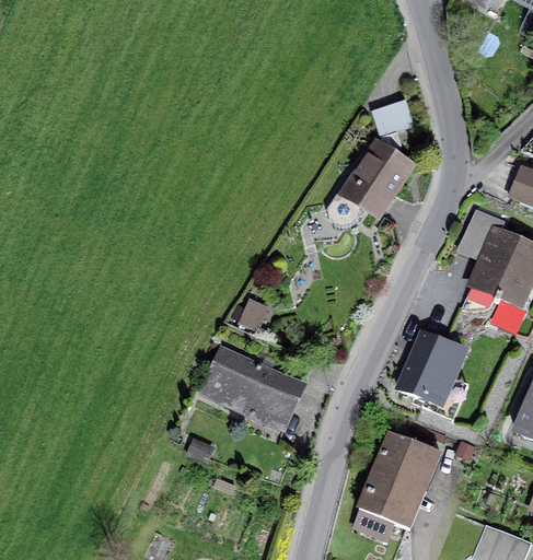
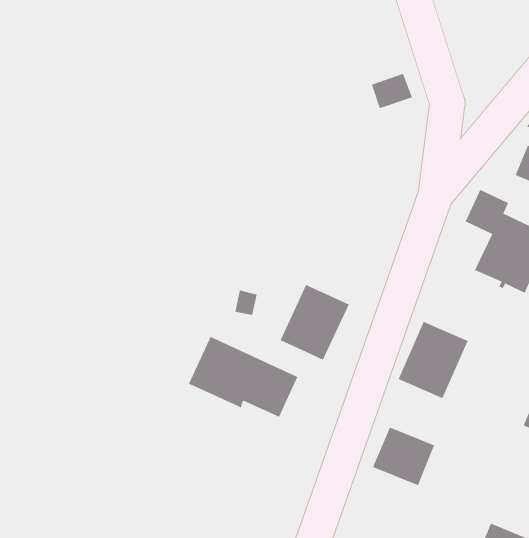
building: [327,133,410,224] -> none
building: none -> [280,284,349,361]
building: [359,470,418,526] -> none

